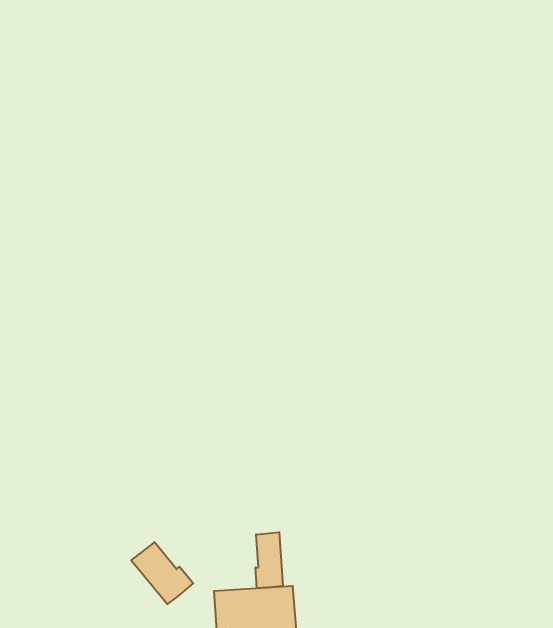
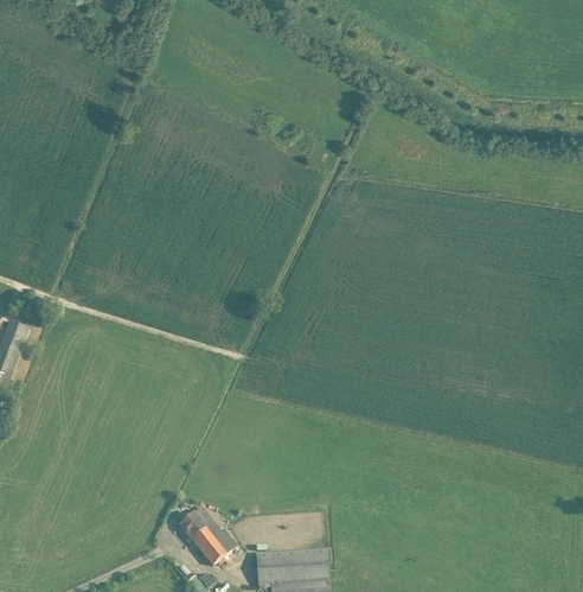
building: [256,532,283,588] -> none

